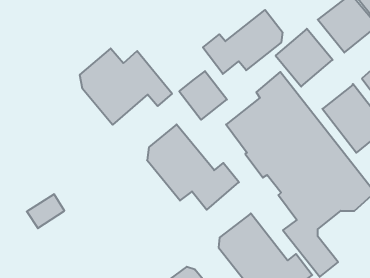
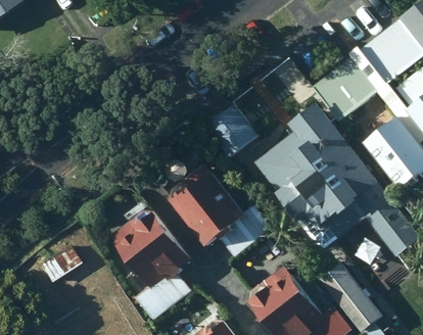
building: [203,10,282,74] -> none
building: [80,48,172,125] -> none
building: none -> [111,208,193,319]

